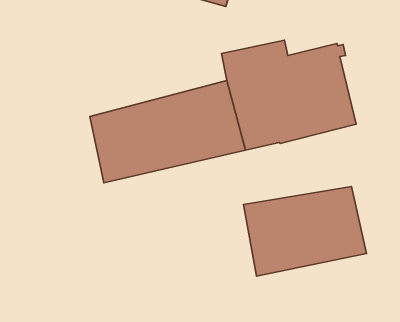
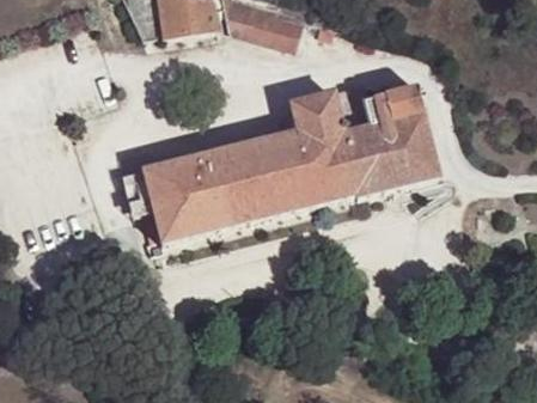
building: [243,187,366,276] -> none

